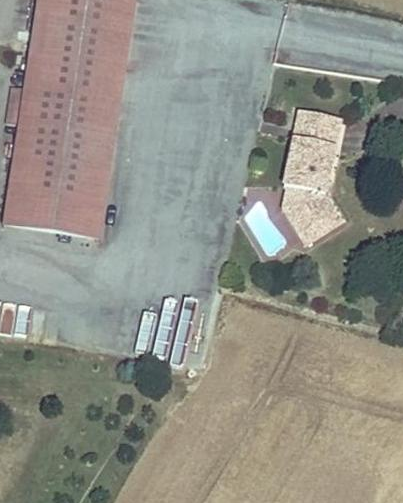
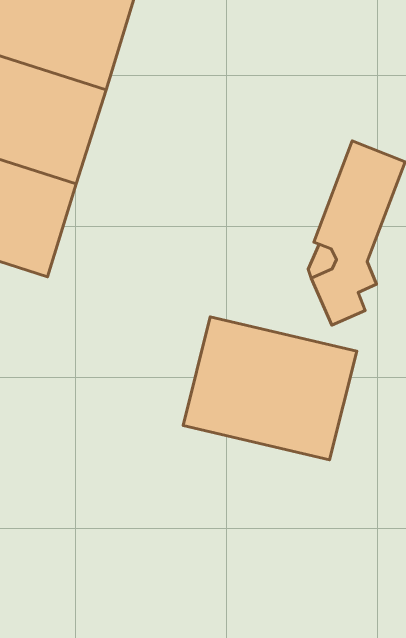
building: none -> [183,317,357,460]

